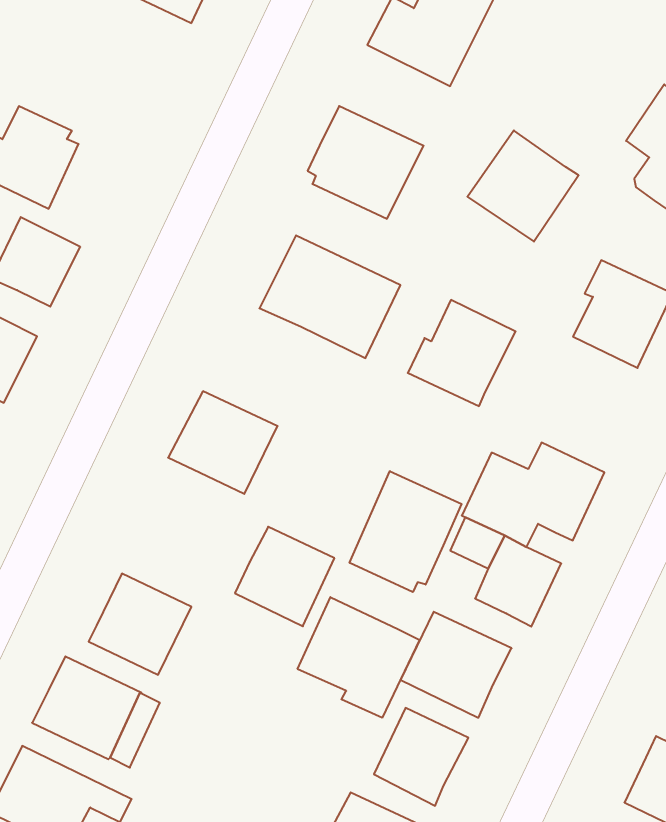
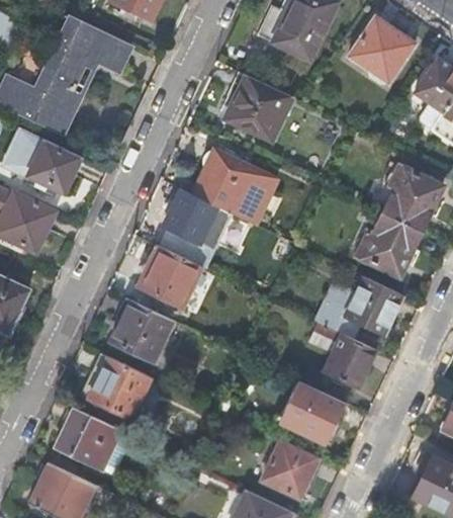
building: none -> [46,18,131,87]
building: [467,130,579,242] -> [349,16,417,84]
building: [408,300,516,406] -> [357,212,423,277]
building: none -> [164,190,217,244]
building: [350,471,462,592] -> none
building: [235,527,334,626] -> [111,300,172,361]
building: [298,597,420,718] -> none

